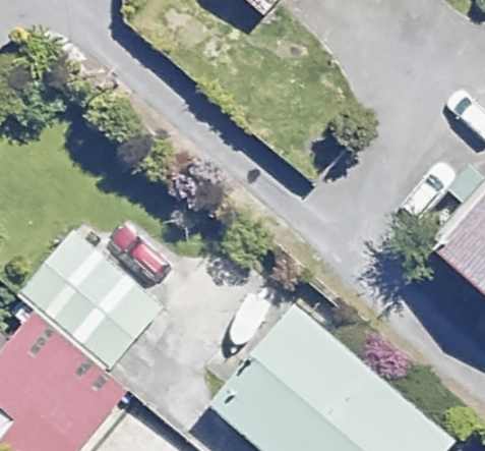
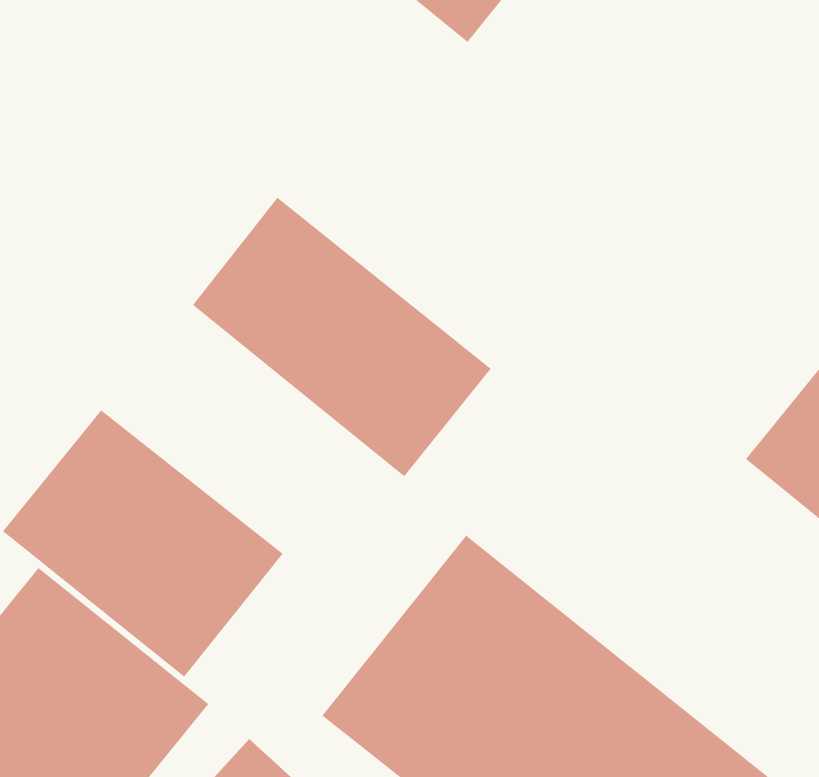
building: none -> [192,197,492,477]

